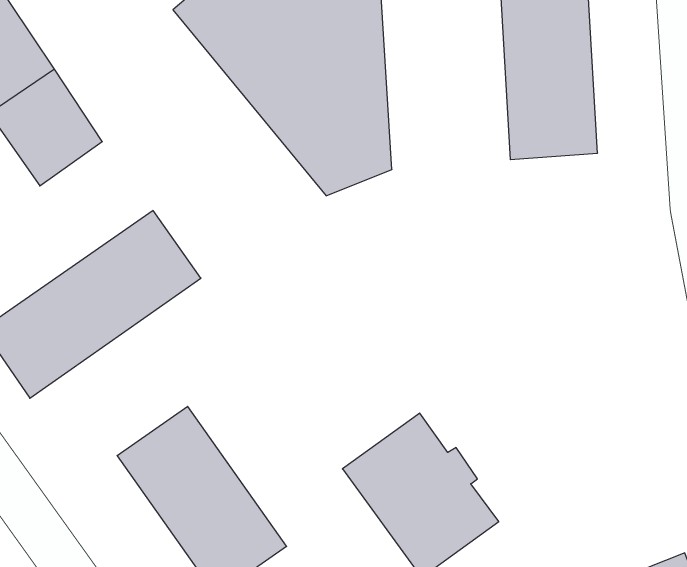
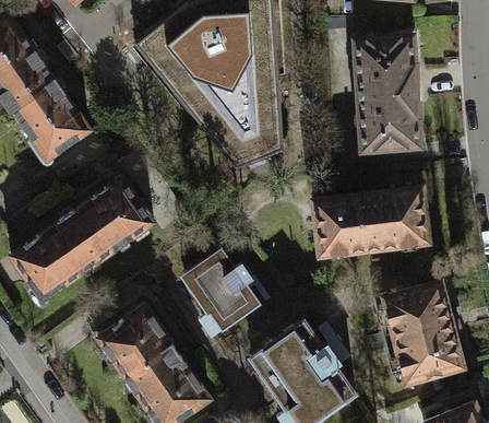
building: none -> [314,189,431,256]
building: none -> [179,243,255,321]
building: none -> [377,285,467,389]

